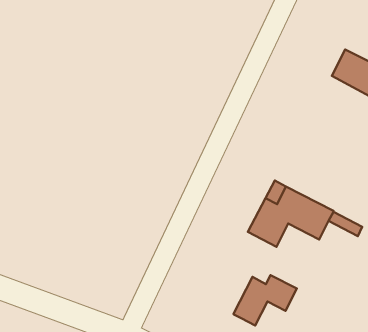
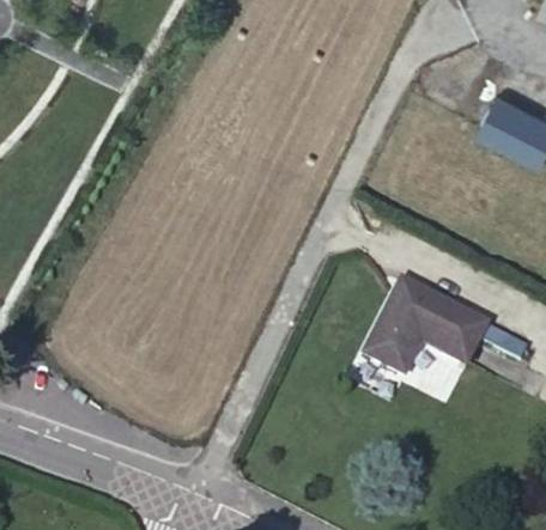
building: [233,275,297,325] -> none

